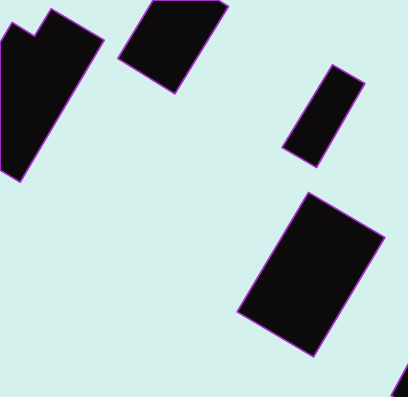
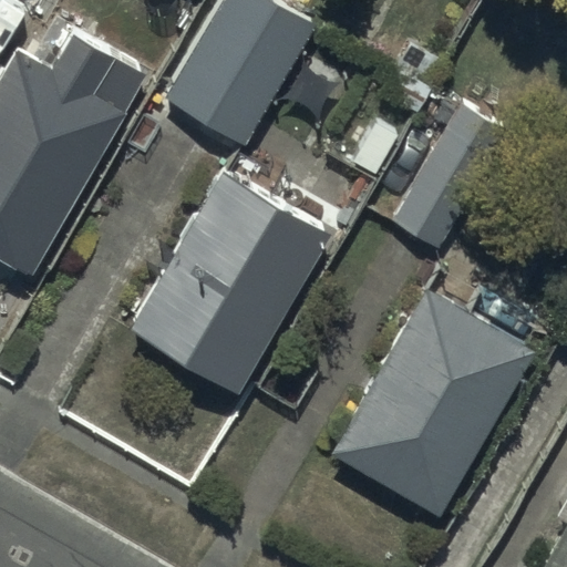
building: none -> [130,168,329,391]

